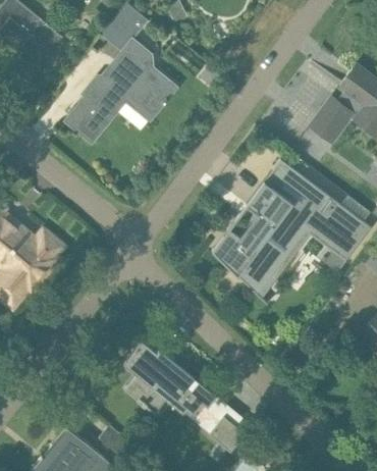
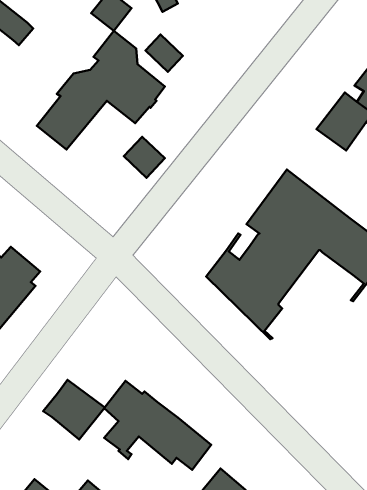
building: none -> [145,34,183,72]
building: none -> [124,137,165,178]
building: none -> [43,380,105,439]

